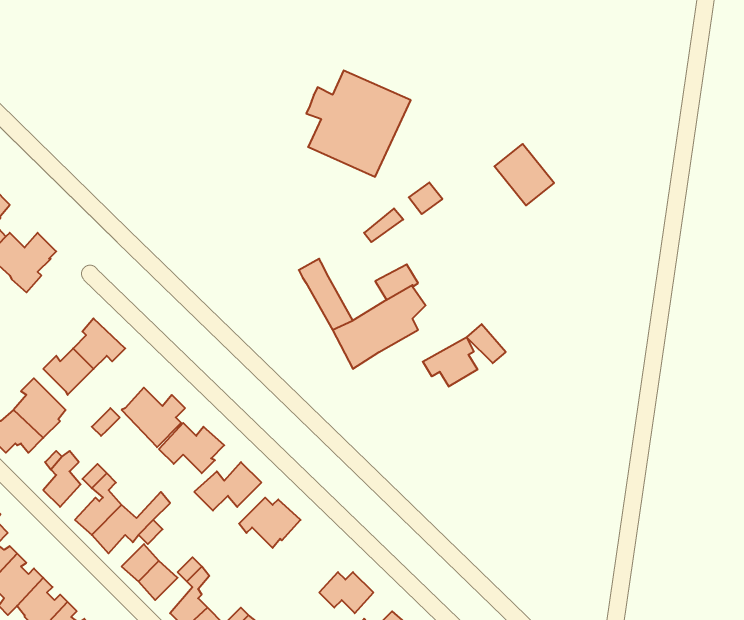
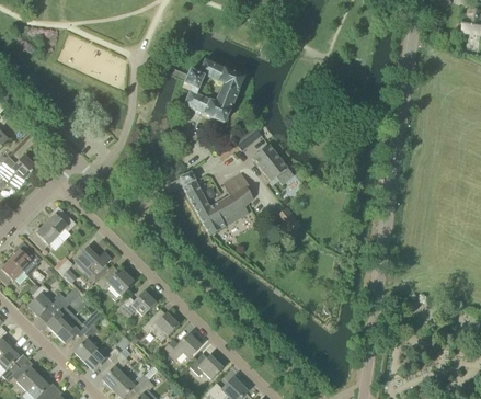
building: [494,144,554,205] -> [252,145,287,181]
building: [423,337,477,387] -> none
building: none -> [163,334,199,360]

